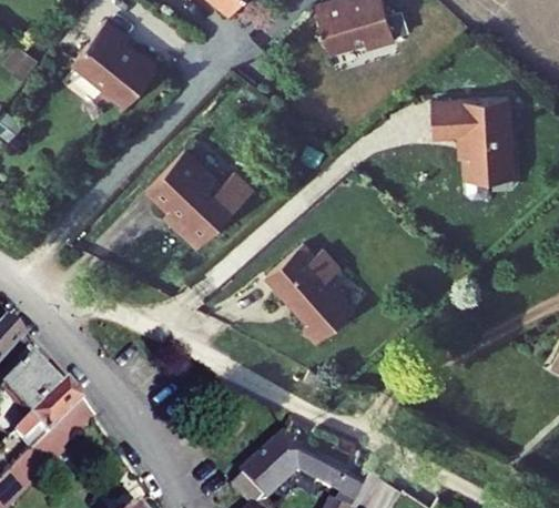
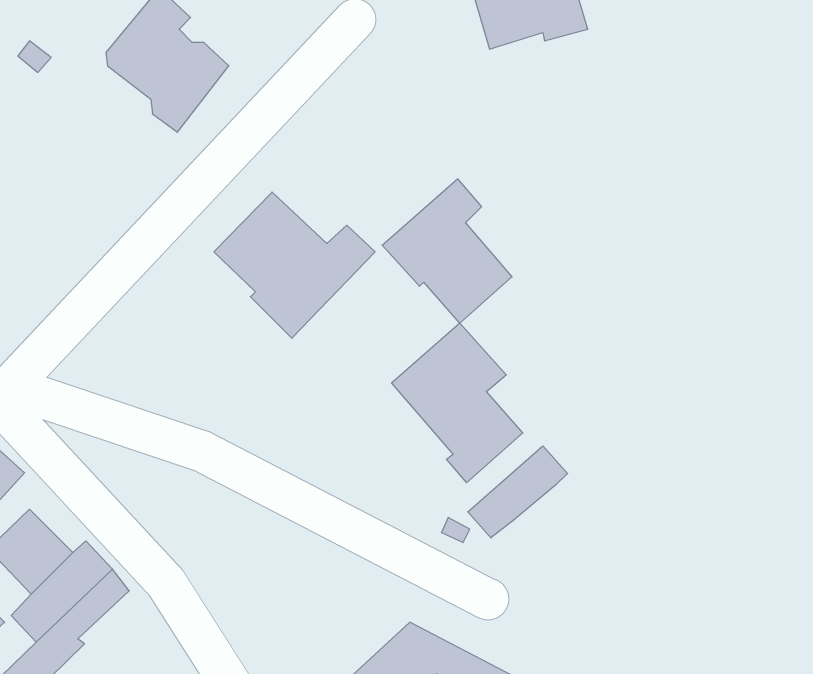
building: [431,101,512,199] -> none
building: none -> [382,179,512,323]
building: none -> [468,446,568,538]

